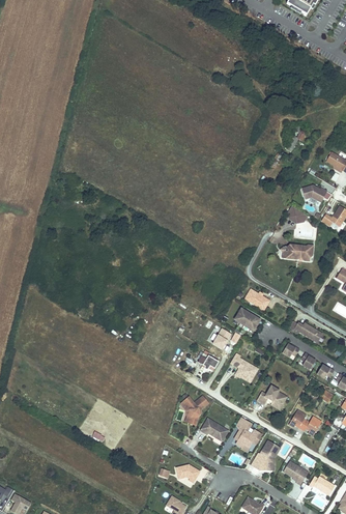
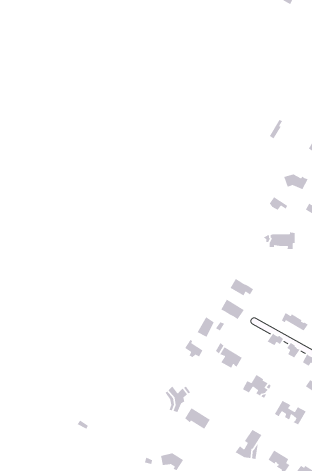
building: [236,417,263,447] -> none

